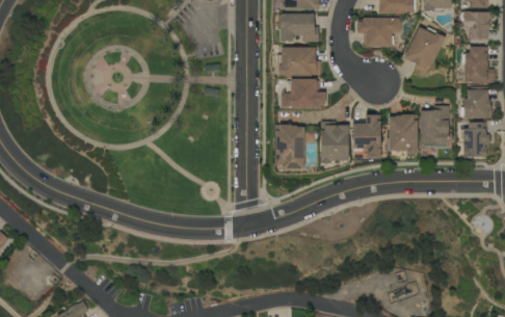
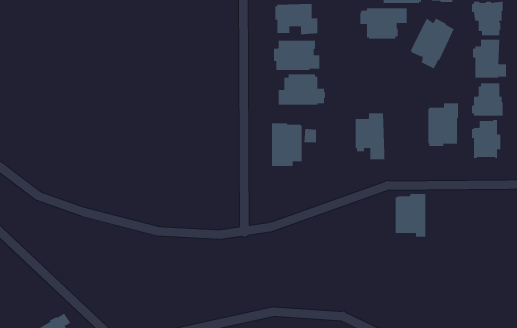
building: [389,113,418,154] -> [395,193,426,237]
building: [321,121,349,163] -> none

